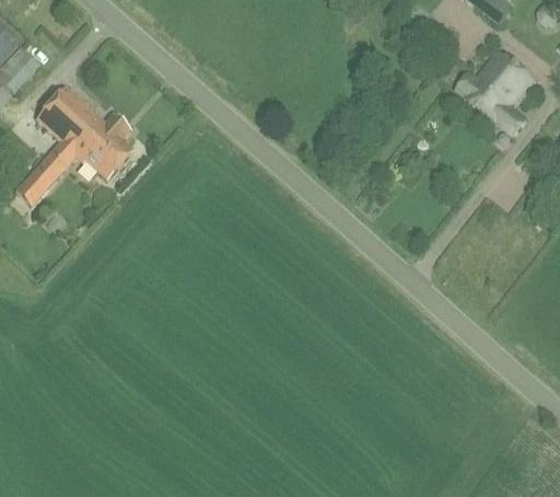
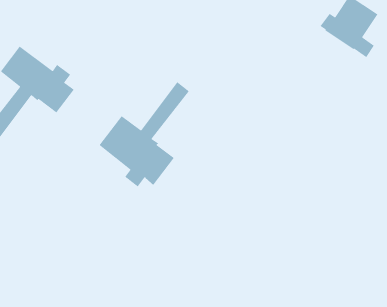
building: none -> [98,81,190,188]

